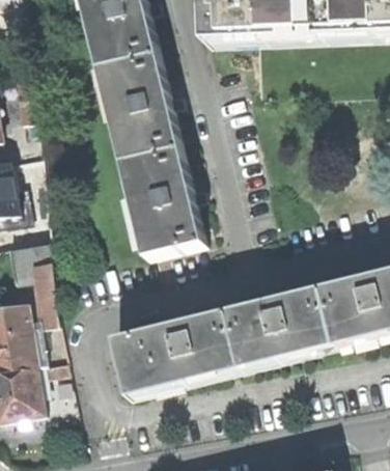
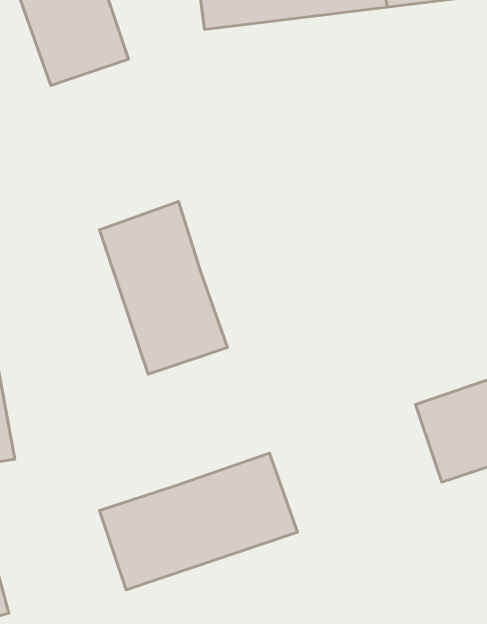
building: [102,53,176,160] -> none
building: [220,288,328,363] -> none

